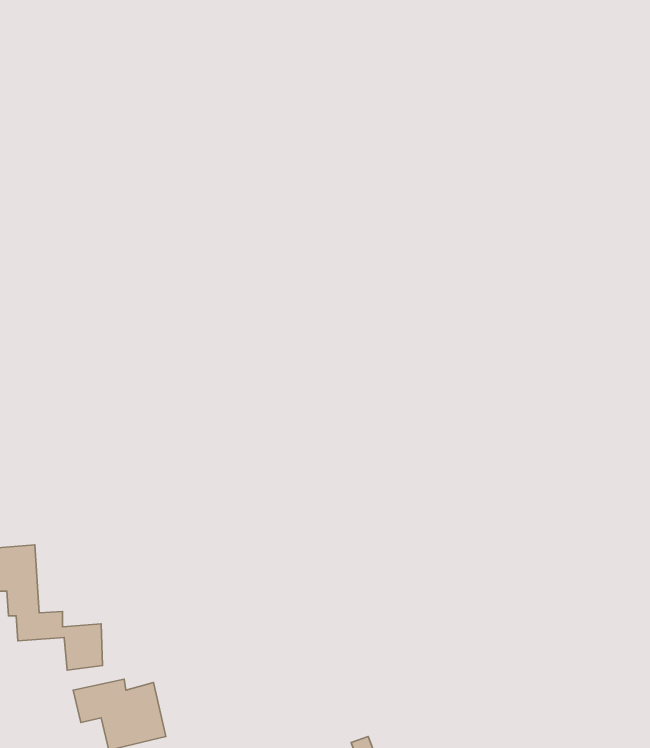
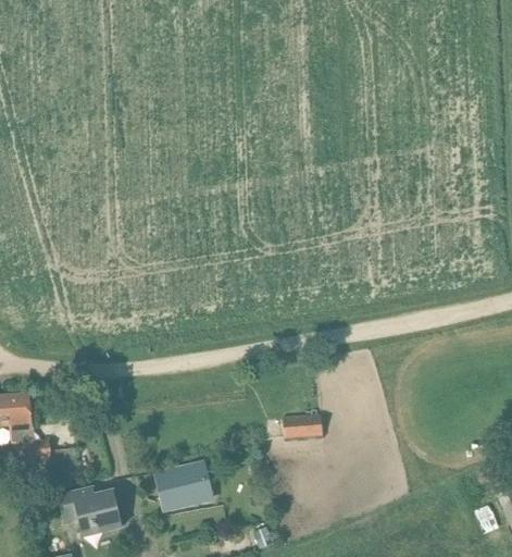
building: none -> [282,413,322,438]
building: none -> [155,459,213,511]

